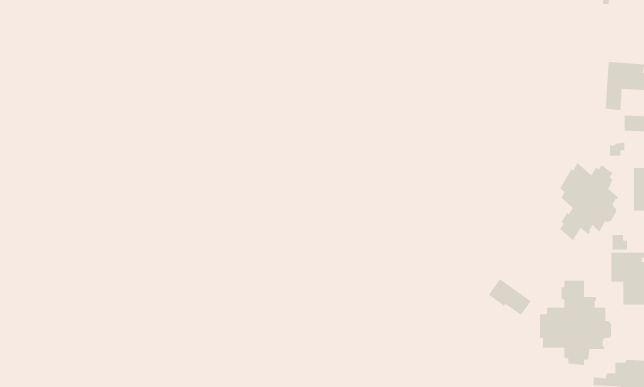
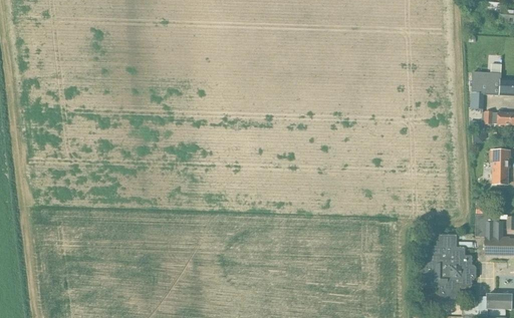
building: [559,162,618,242] -> none
building: [488,278,532,316] -> none

